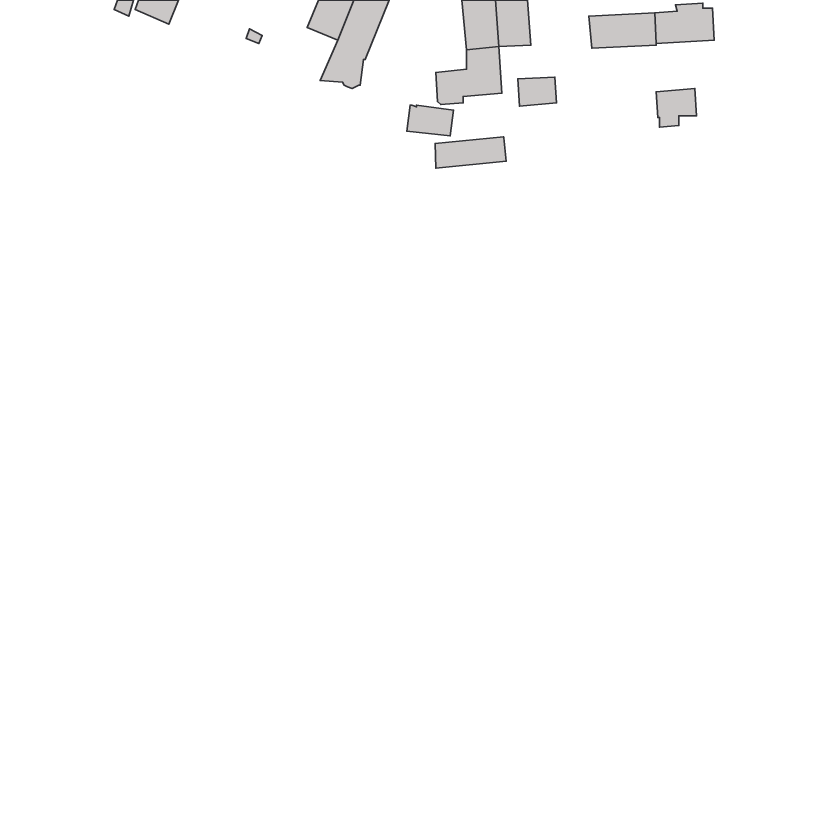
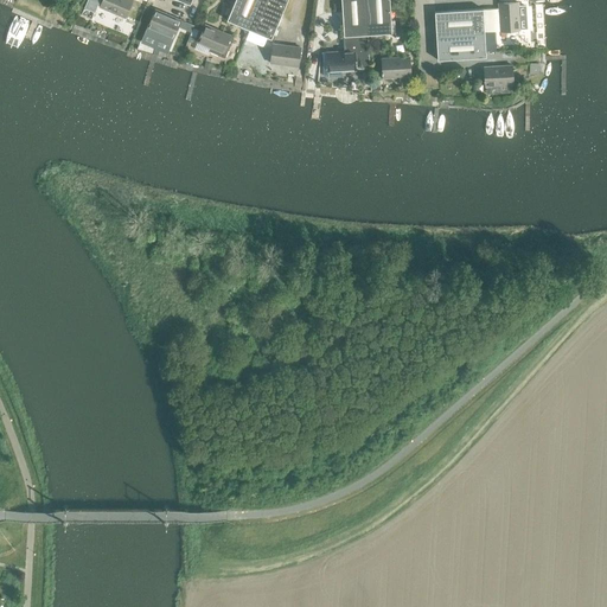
building: none -> [143,9,180,45]
building: none -> [197,25,234,58]
building: none -> [436,33,486,60]
building: [407,105,454,136] -> [266,44,300,66]
building: [435,137,506,168] -> none

